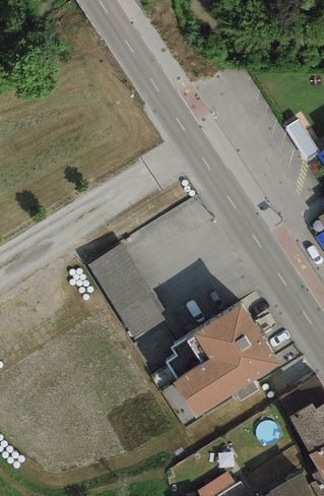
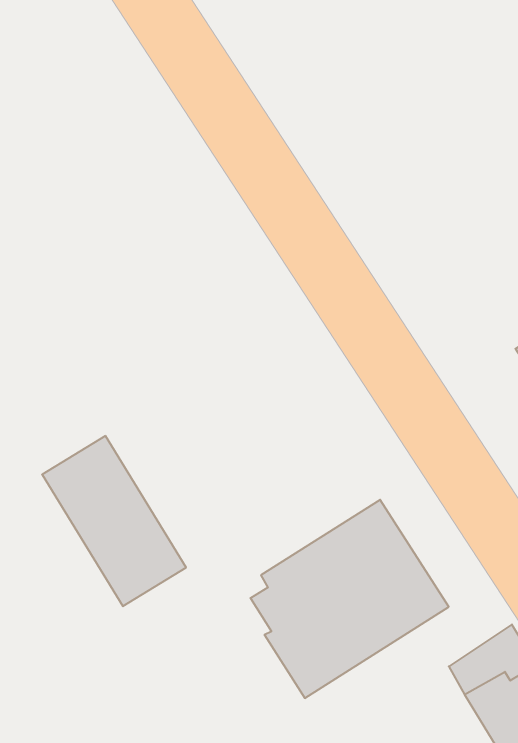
building: [86,242,170,340] -> [42,436,186,606]

